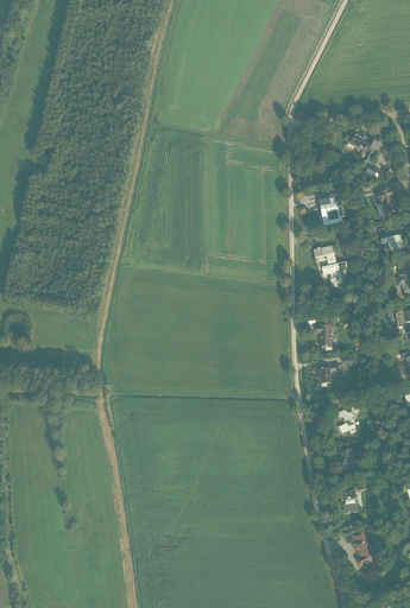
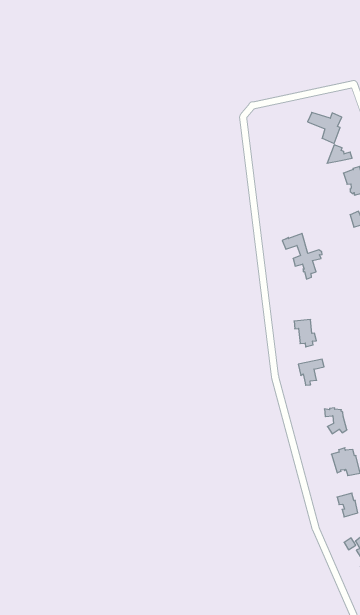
building: [318,194,343,223] -> none

